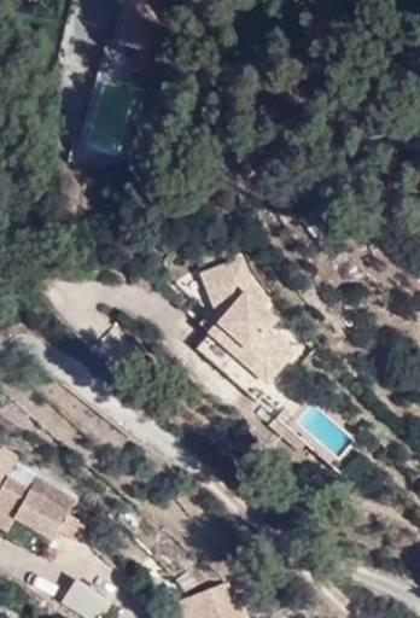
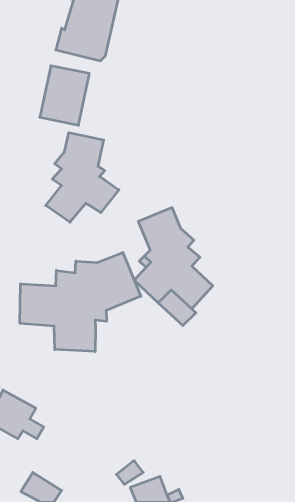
building: none -> [46,133,119,222]
building: none -> [20,252,141,352]

